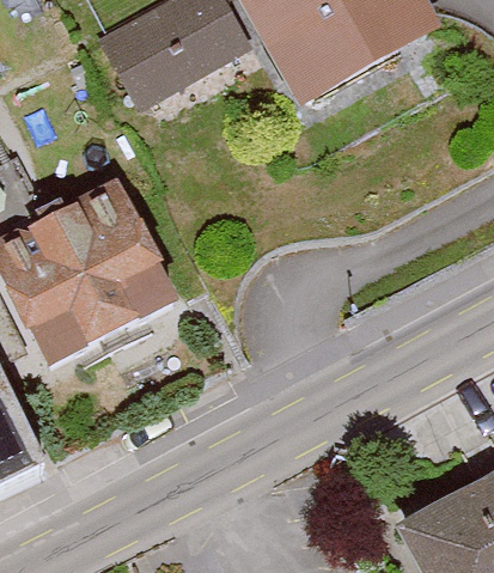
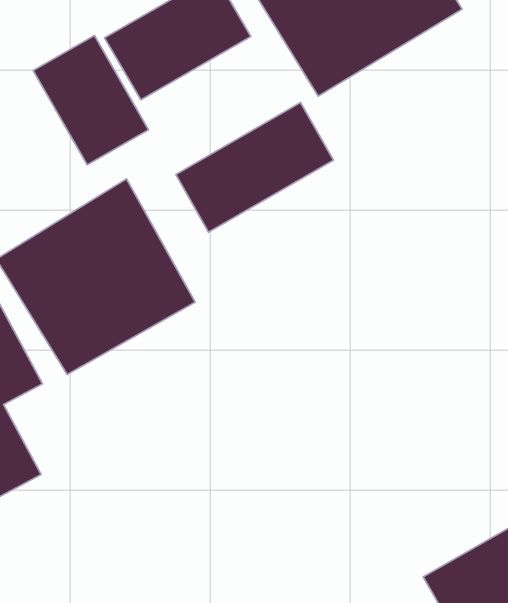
building: none -> [33,36,149,165]
building: none -> [176,102,333,232]

